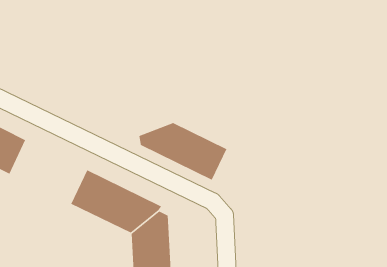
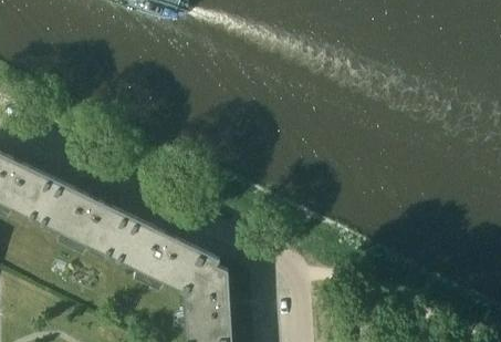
building: [138,122,227,181] -> none
building: none -> [36,179,129,257]

